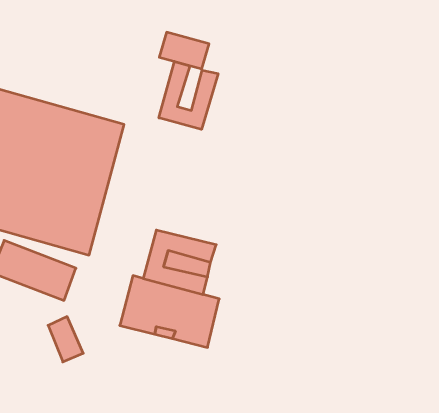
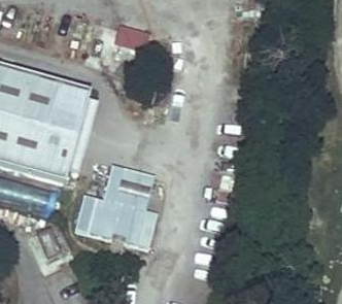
building: [159,61,218,129] -> none

